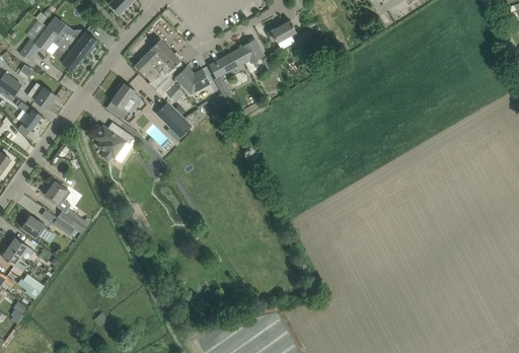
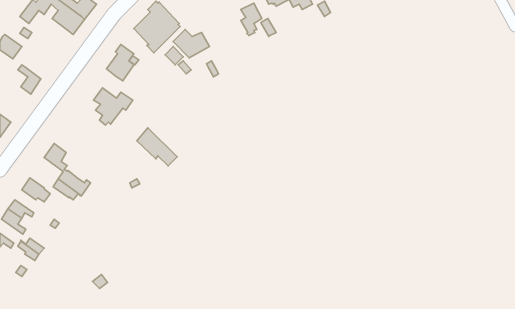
building: [210,46,249,96] -> none
building: [27,81,57,109] -> none
building: [156,101,197,140] -> [137,128,177,166]

